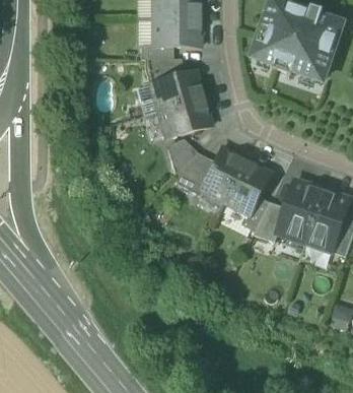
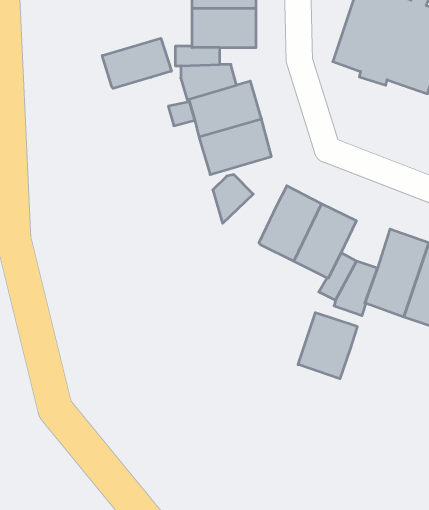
building: none -> [102,38,171,88]
building: [174,152,214,194] -> none
building: none -> [298,313,357,379]

